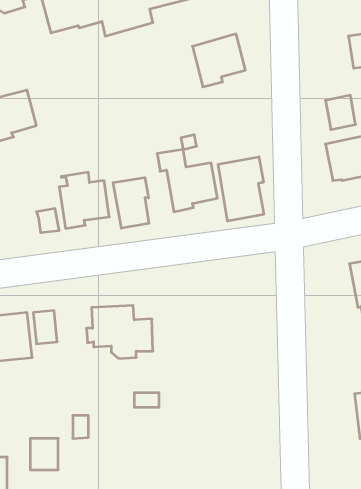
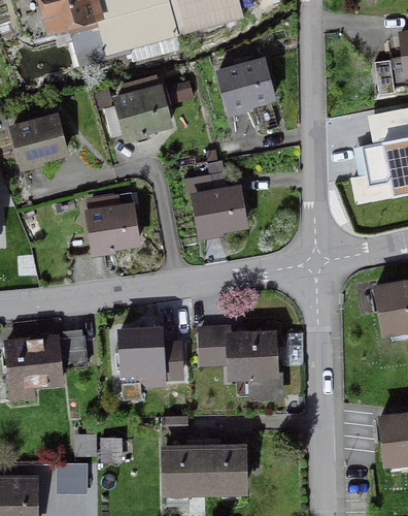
building: none -> [117,87,170,138]
building: [218,157,264,221] -> none
building: [113,178,149,228] -> none
building: none -> [201,326,280,394]
building: none -> [166,439,244,499]

